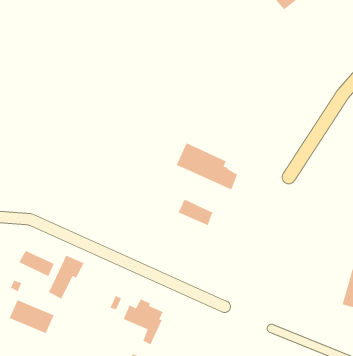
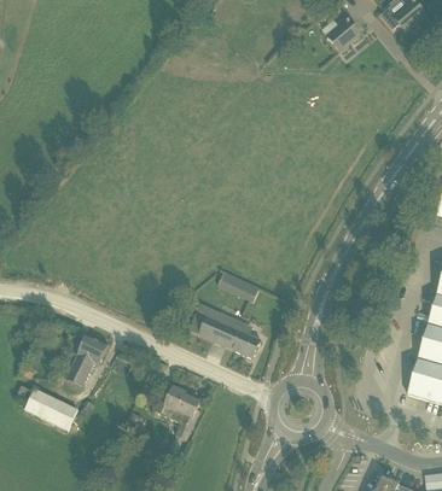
building: [176,142,238,190] -> [188,303,261,358]
building: [19,250,55,277] -> none

